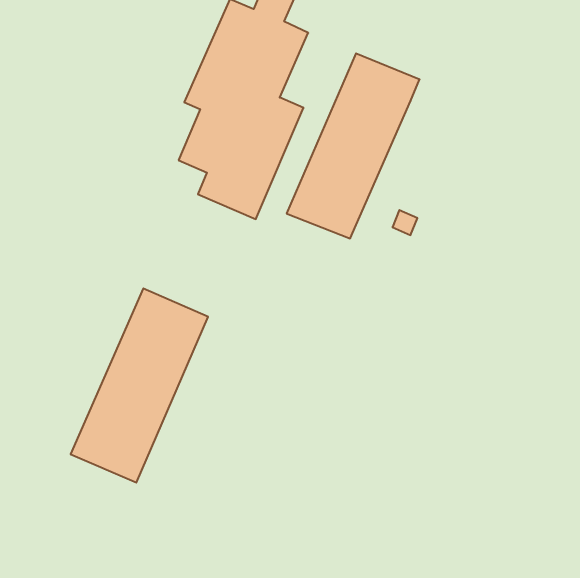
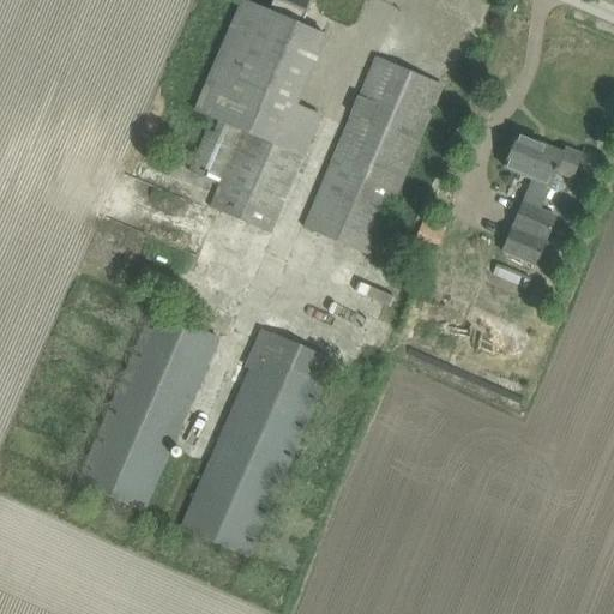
building: none -> [501,132,582,264]
building: none -> [179,326,333,555]

